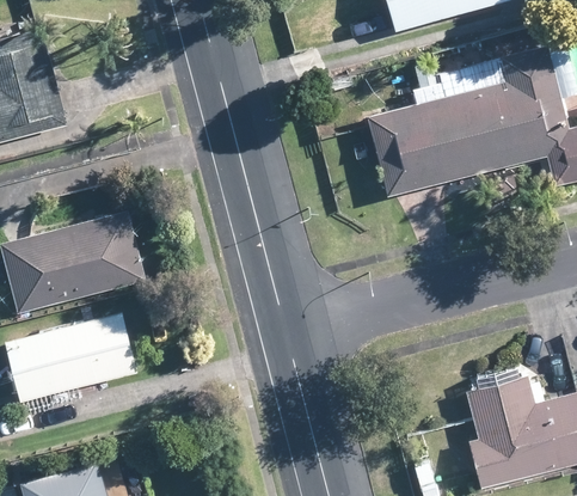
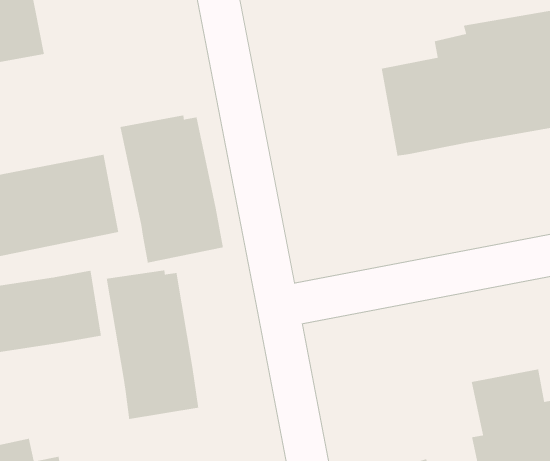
building: none -> [119,114,224,264]
building: none -> [106,269,199,420]

